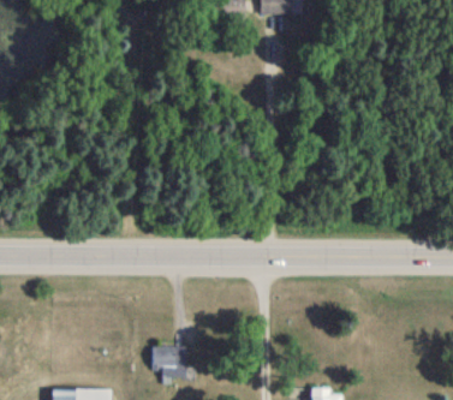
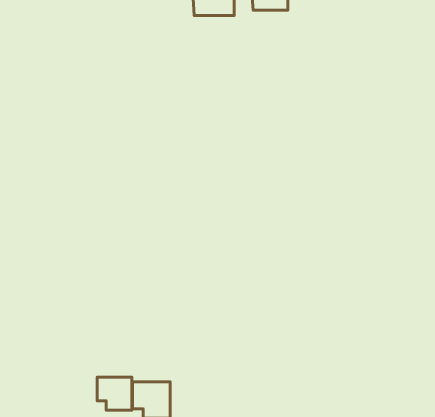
building: none -> [97,377,132,410]

